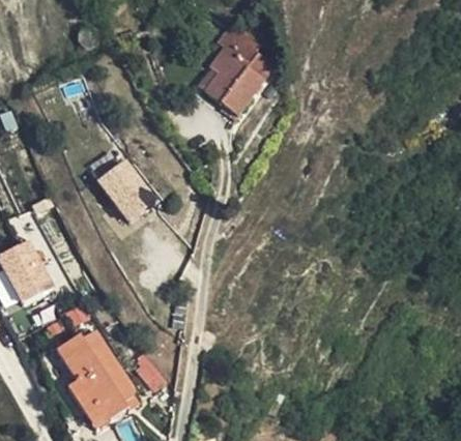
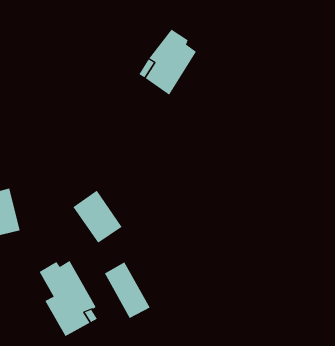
building: [93,154,156,222] -> [72,190,123,243]
building: none -> [104,261,150,319]

